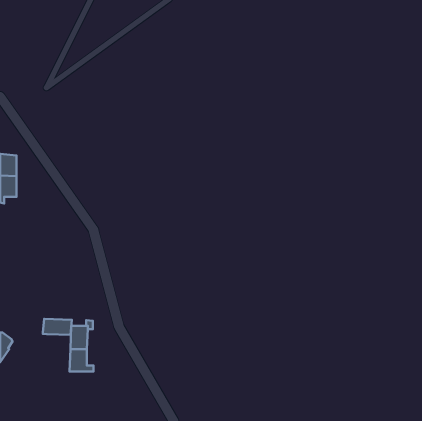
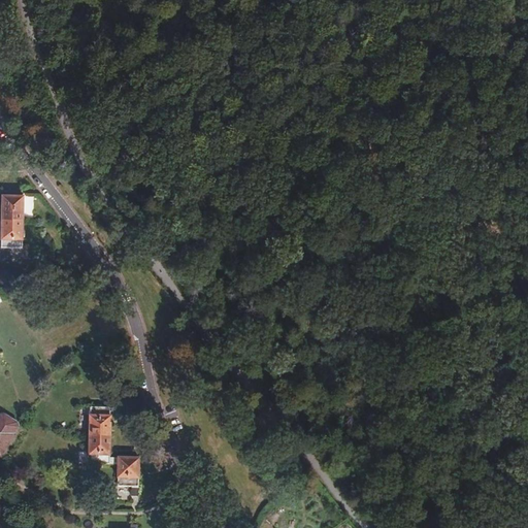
building: [43,319,72,335] -> none
building: none -> [117,456,139,495]

